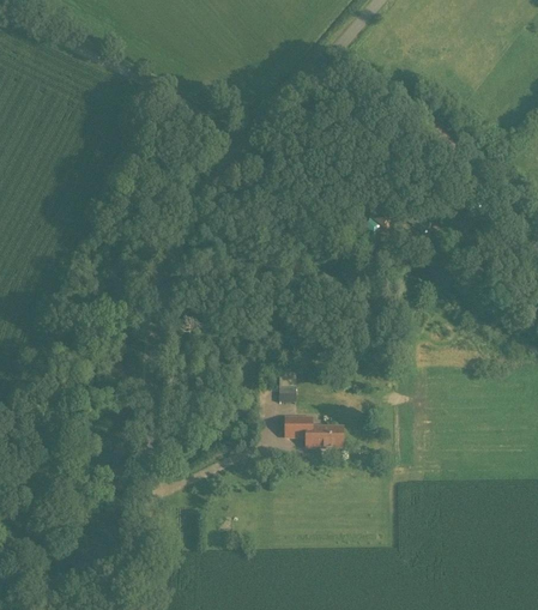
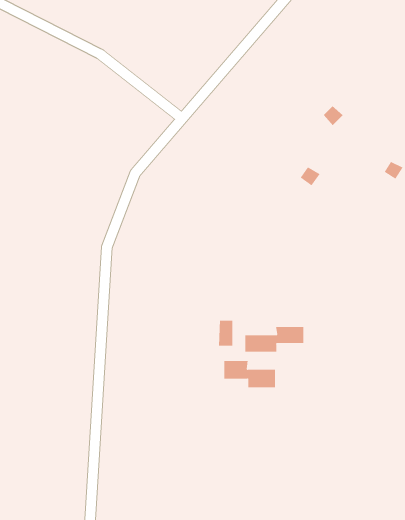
building: none -> [245,326,304,352]

